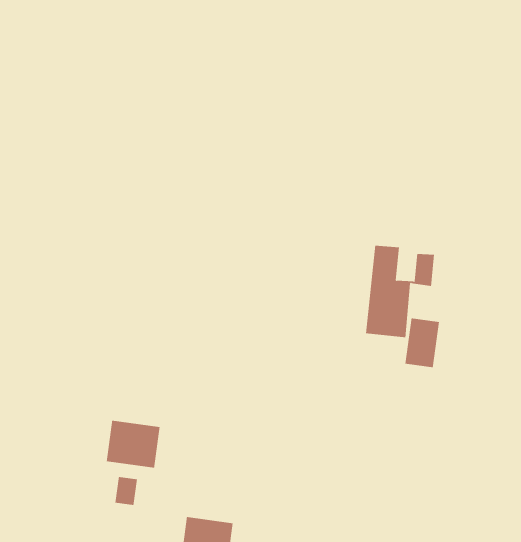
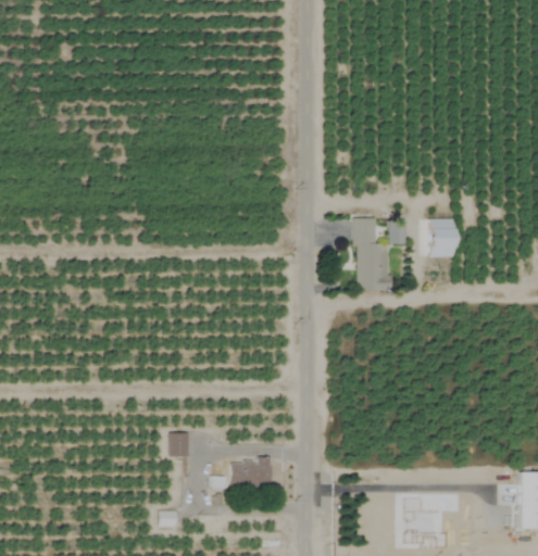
building: [405,318,440,368] -> [429,219,453,257]
building: [106,420,160,469] -> none

